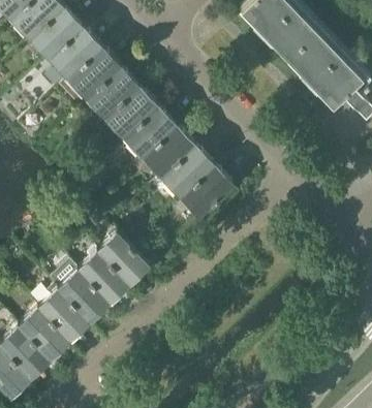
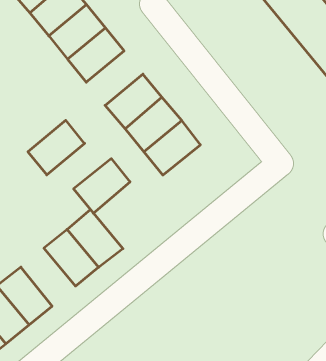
building: [106,88,157,138] -> [28,120,85,175]
building: [182,167,233,218] -> [74,159,130,213]
building: [60,272,111,323] -> none

